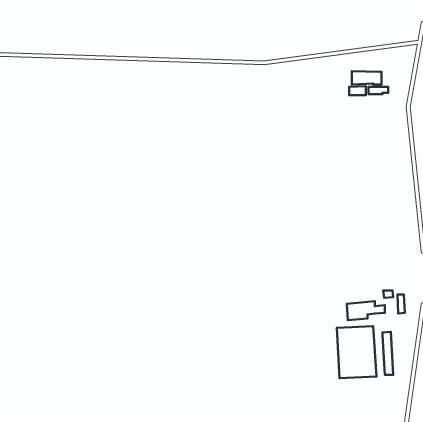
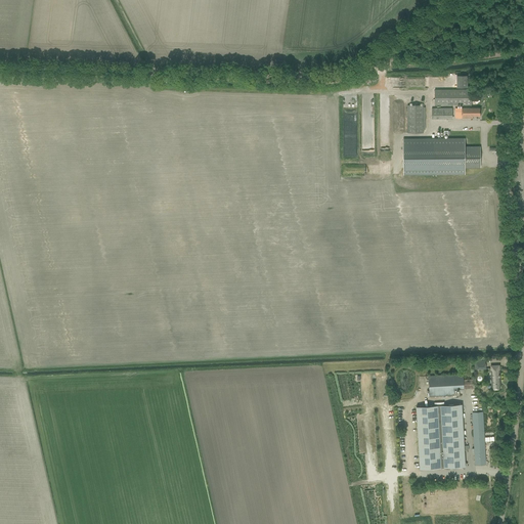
building: none -> [407,104,424,132]
building: none -> [403,138,481,173]

